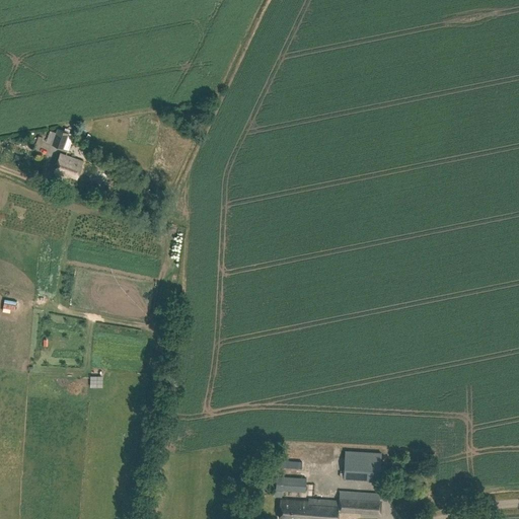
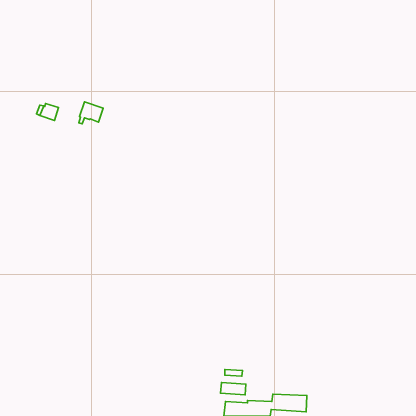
building: [53,154,83,181] -> [79,102,103,124]
building: [339,451,381,481] -> none

